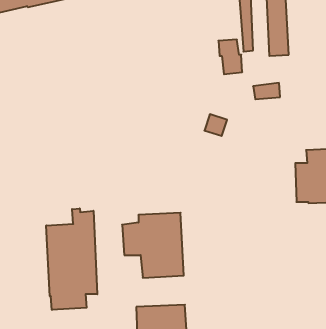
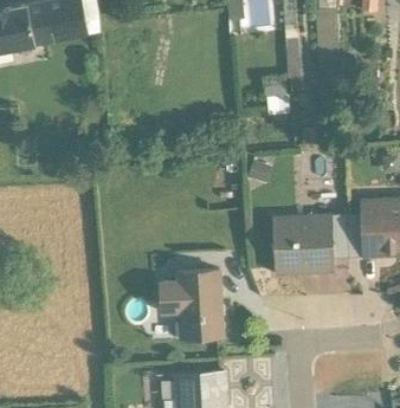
building: none -> [273,213,348,274]
building: [46,208,97,310] -> none

